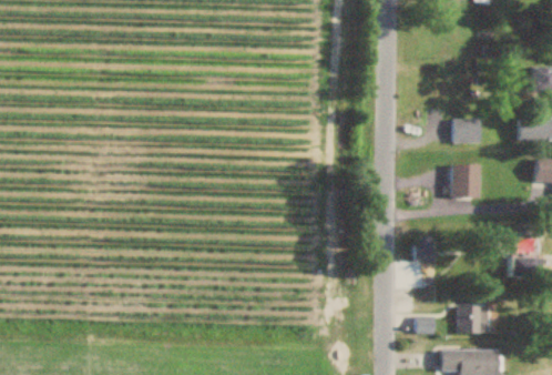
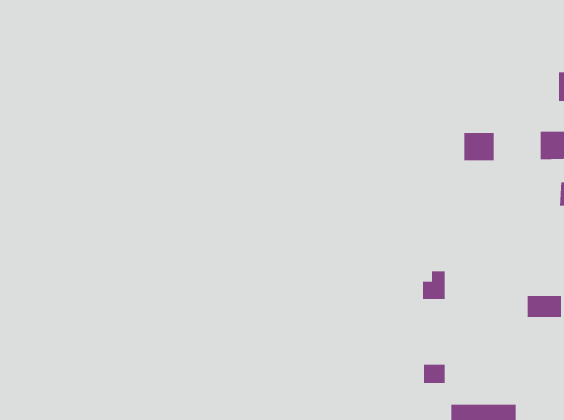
building: [451,164,477,196] -> none
building: [461,305,489,334] -> none

